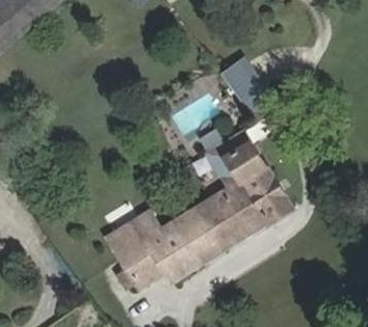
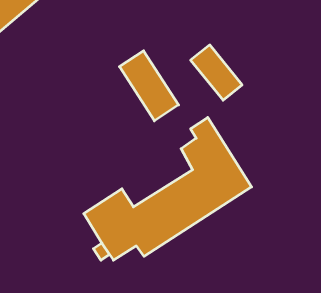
building: none -> [119,51,179,121]

